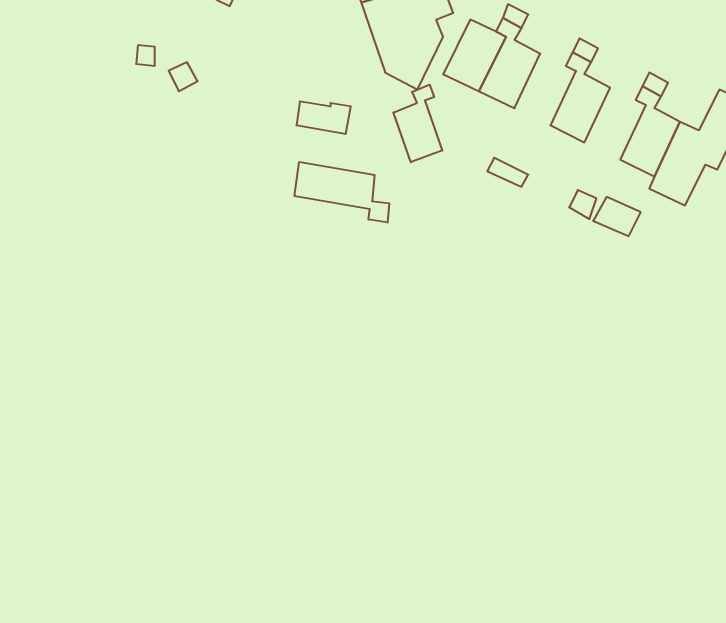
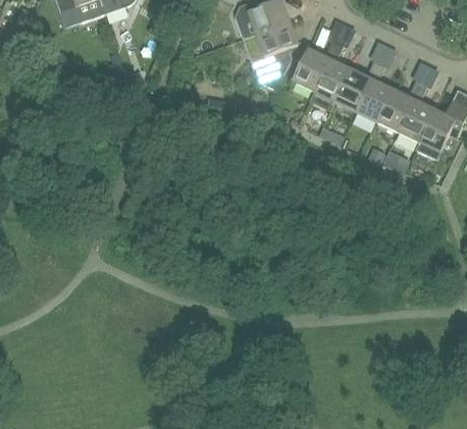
building: none -> [334,67,371,110]
building: [393,85,442,162] -> none
building: none -> [376,88,413,130]
building: [295,162,389,223] -> none

